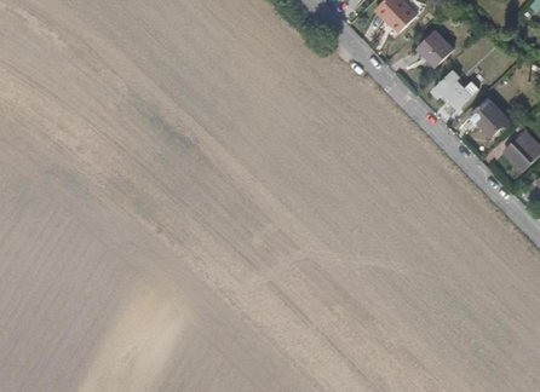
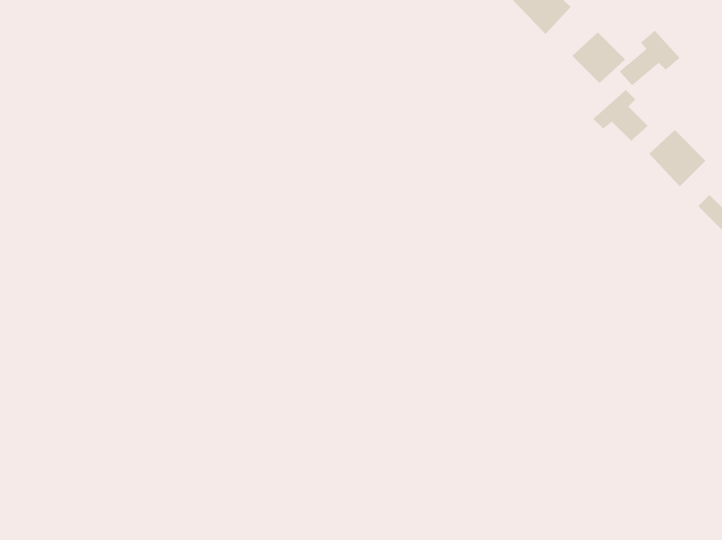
building: none -> [619,30,680,86]

